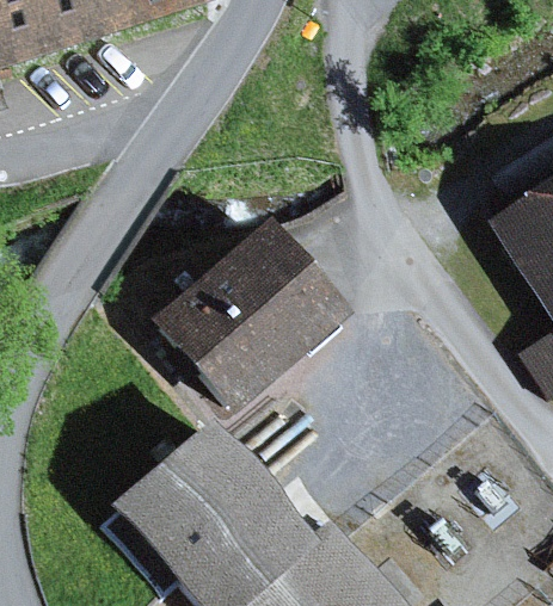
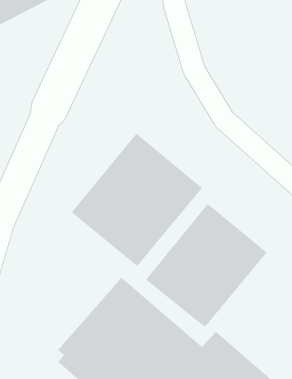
building: none -> [145,203,268,328]

